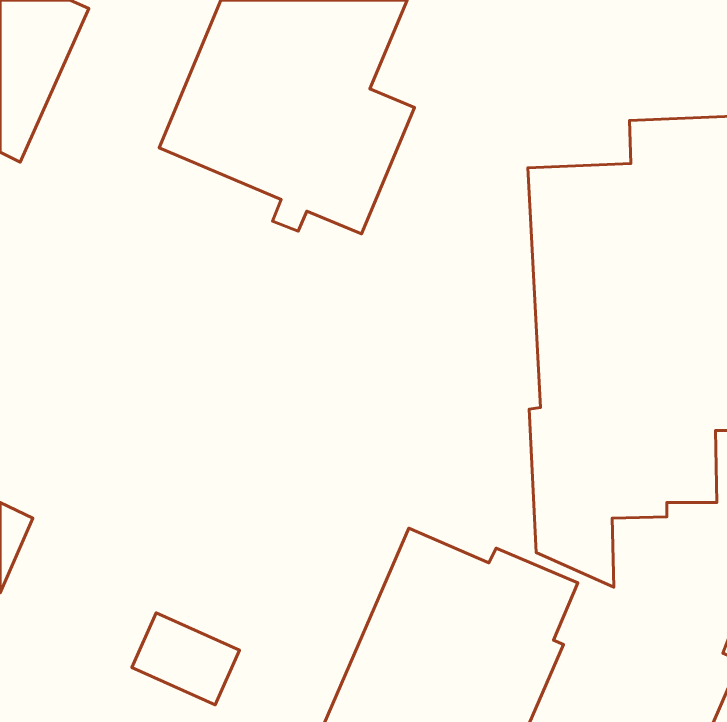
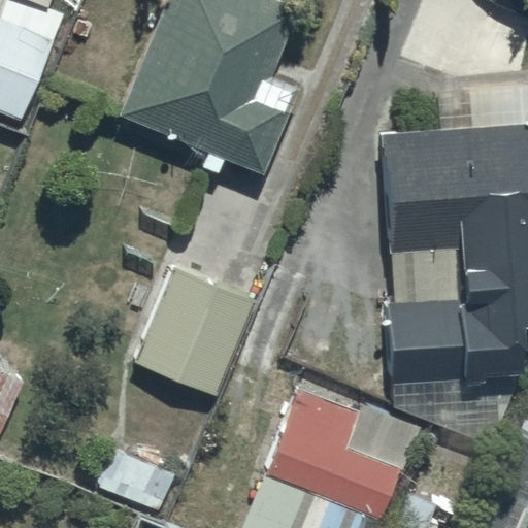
building: none -> [132,266,256,398]

